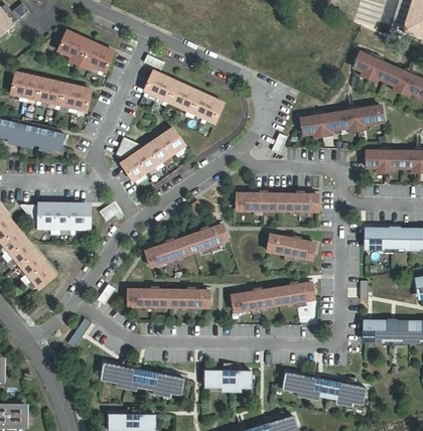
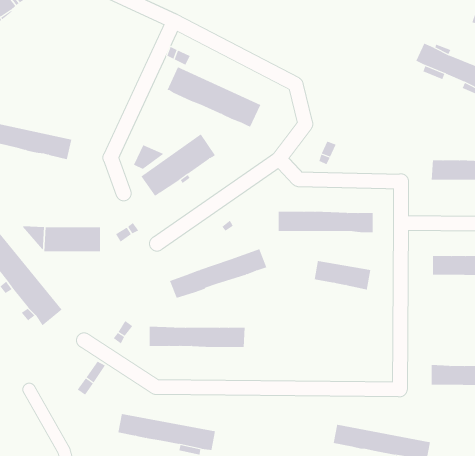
building: [54,34,111,76] -> none
building: [10,71,90,110] -> none
building: [300,104,383,134] -> none
building: [232,282,314,311] -> none
building: [205,370,251,387] -> none

